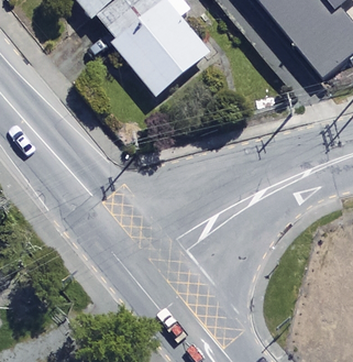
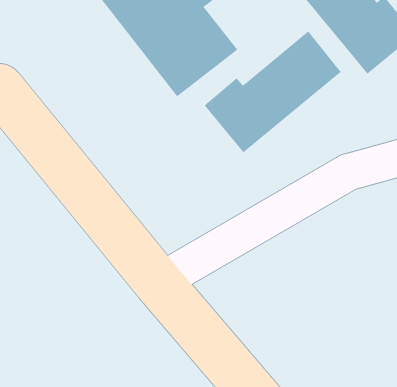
building: none -> [204,31,342,153]

